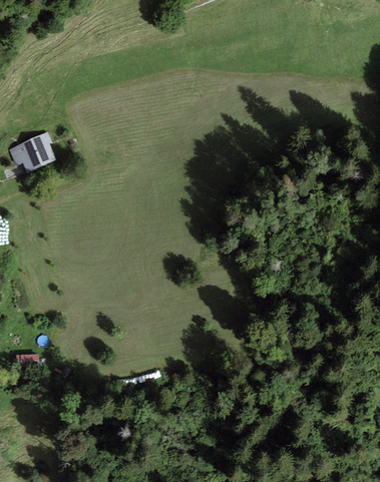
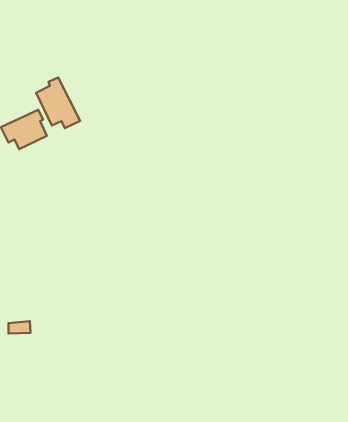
building: none -> [36,77,80,128]

